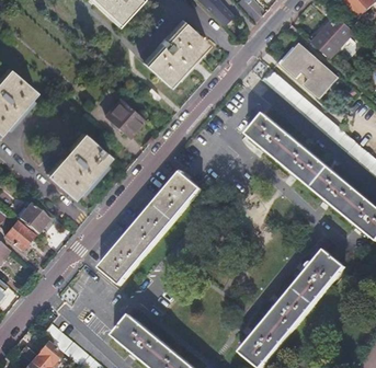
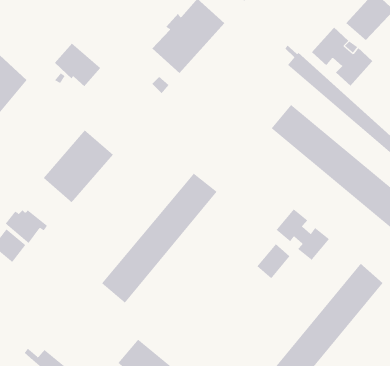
building: [104,97,145,136] -> [54,43,101,87]
building: none -> [276,208,330,261]
building: none -> [257,243,290,279]

